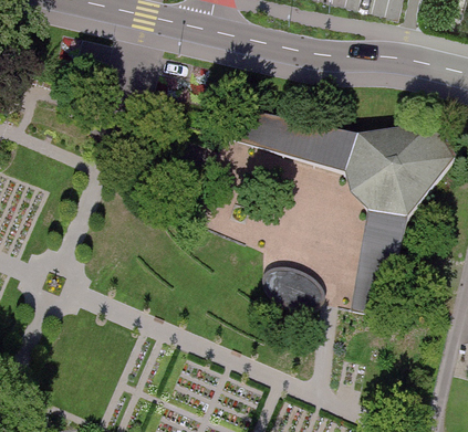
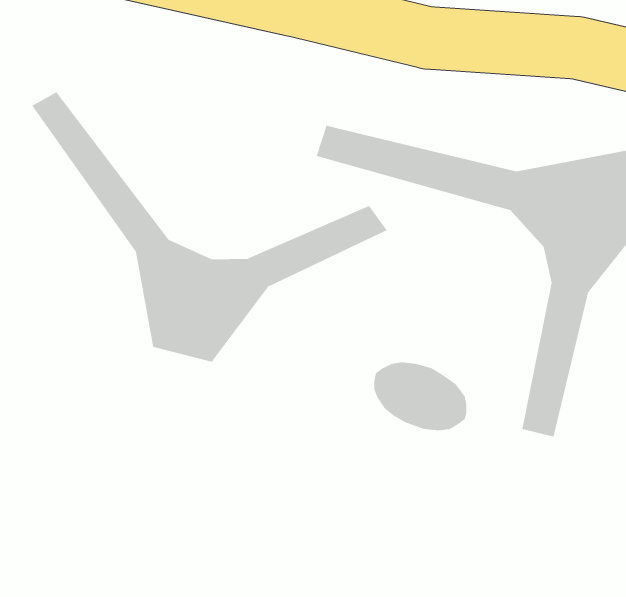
building: none -> [32,91,387,362]

